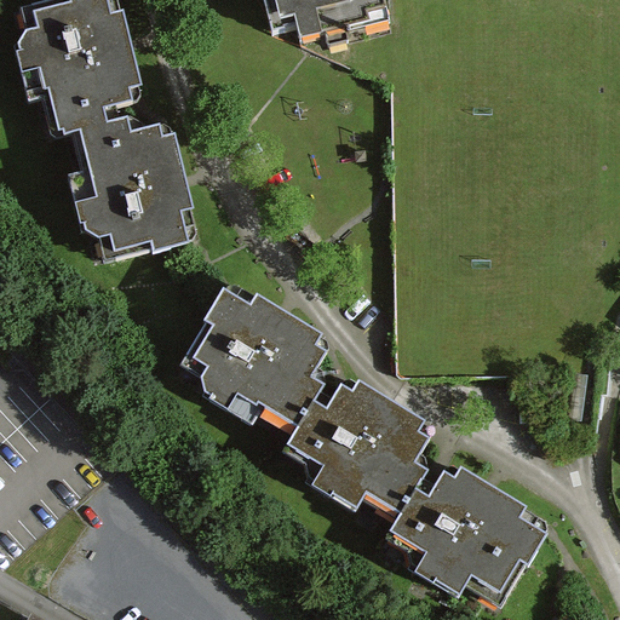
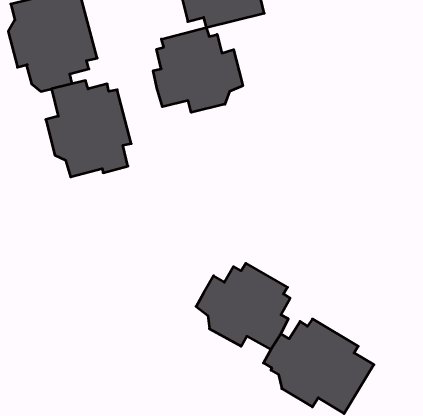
building: none -> [153,27,243,112]
building: [178,289,327,427] -> none

